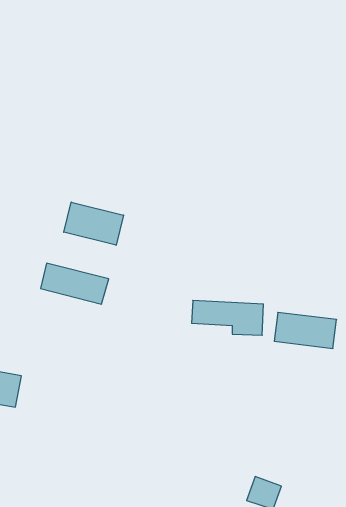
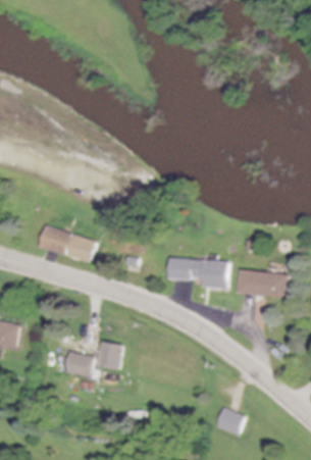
building: [64,202,124,245] -> none
building: none -> [97,342,121,369]
building: none -> [64,351,93,377]

